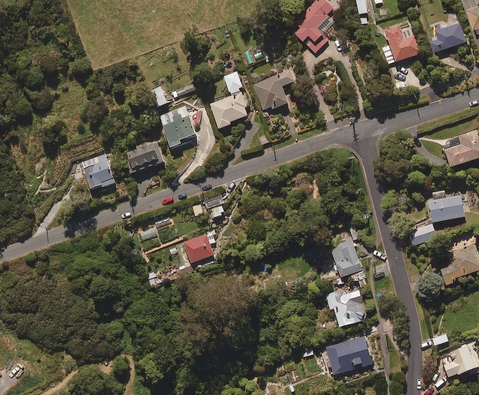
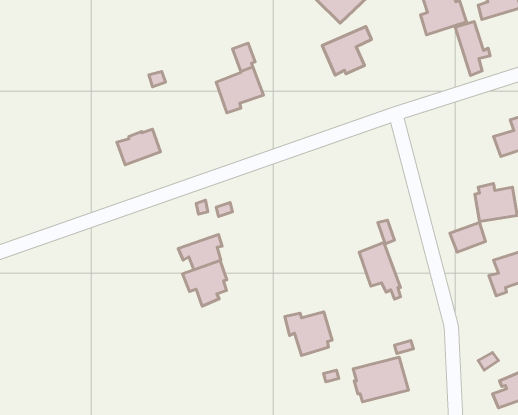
building: none -> [455,21,490,75]
building: [253,68,295,109] -> [322,27,372,75]
building: [160,109,197,149] -> none
building: [82,156,116,189] -> none
building: none -> [183,261,227,306]
building: [326,289,366,326] -> [285,312,332,356]

